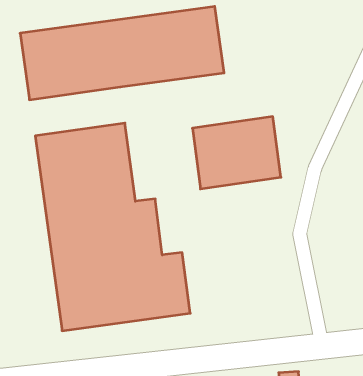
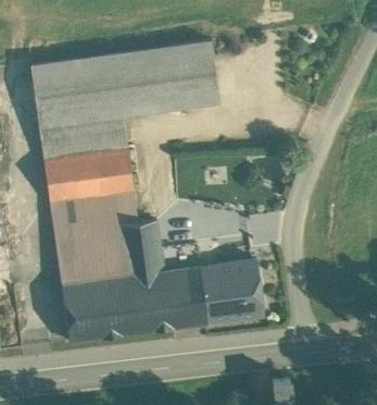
building: none -> [39,115,128,161]
building: [192,117,281,189] -> [181,259,264,327]

